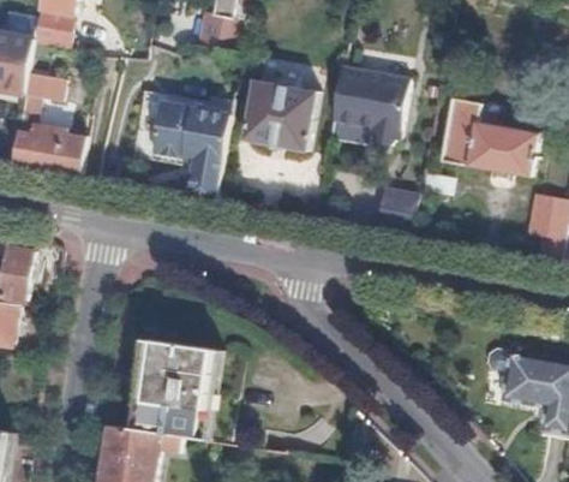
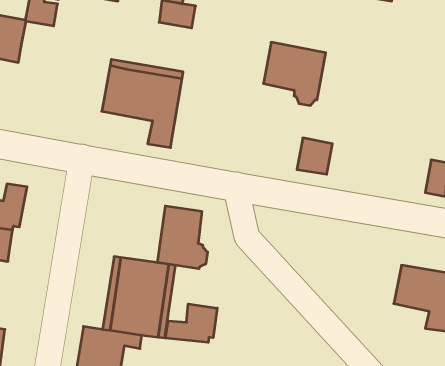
building: [12,72,85,175] -> none
building: [244,79,317,151] -> none
building: [441,99,538,175] -> none
building: none -> [158,206,208,269]
building: none -> [166,304,217,342]

